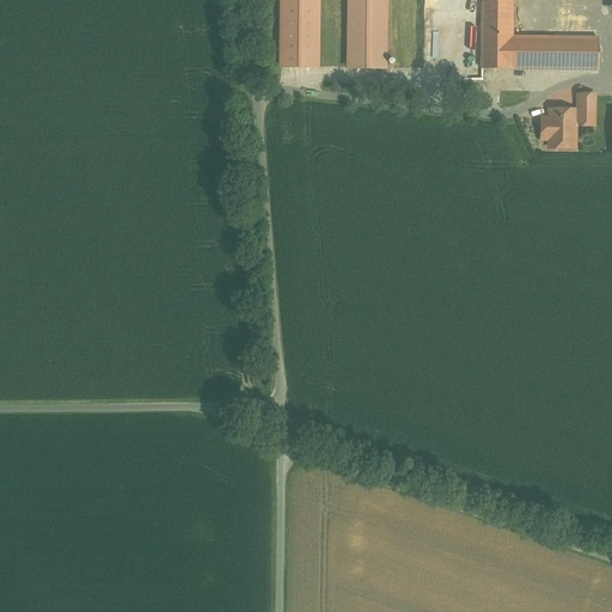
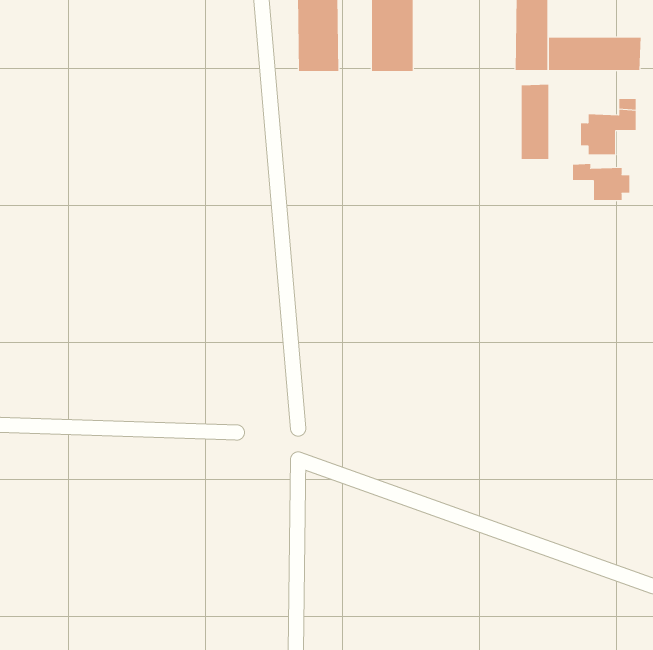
building: none -> [521,84,549,160]
building: none -> [573,163,630,201]

